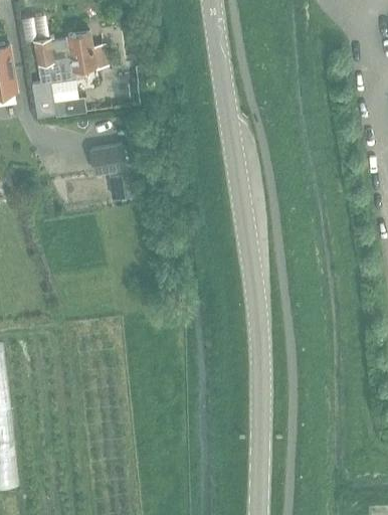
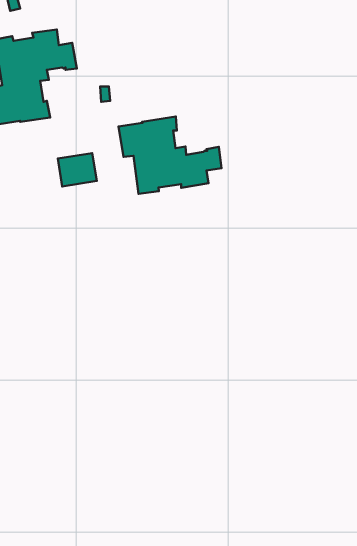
building: none -> [119,116,221,194]

